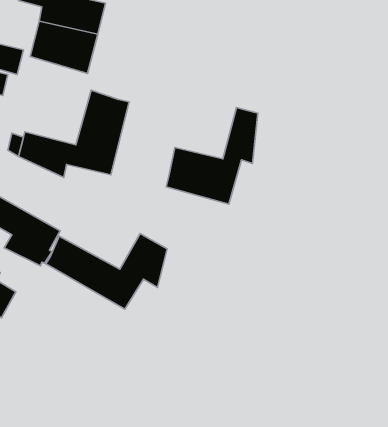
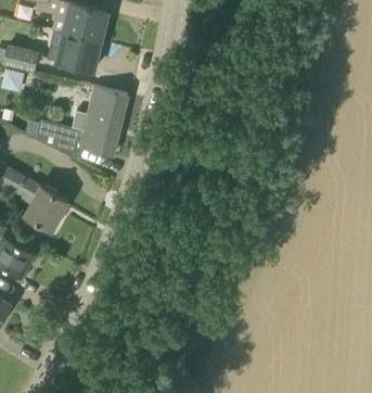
building: [166,107,258,204] -> none
building: [46,234,167,309] -> none

